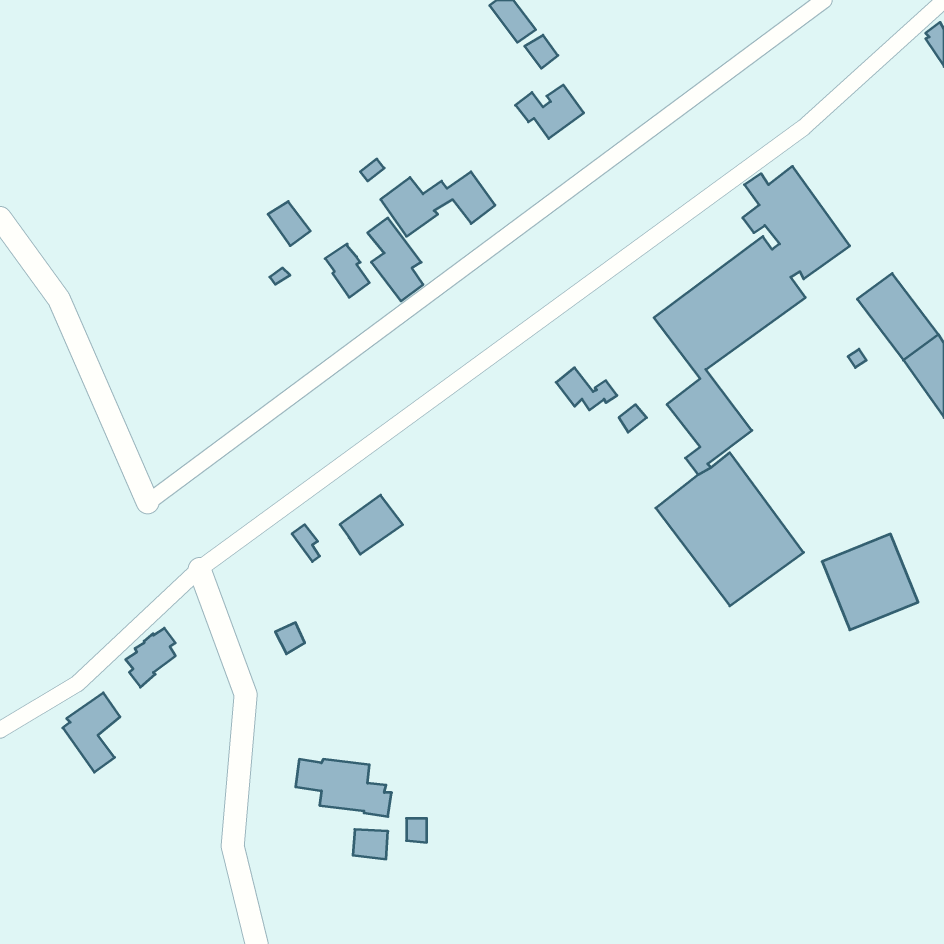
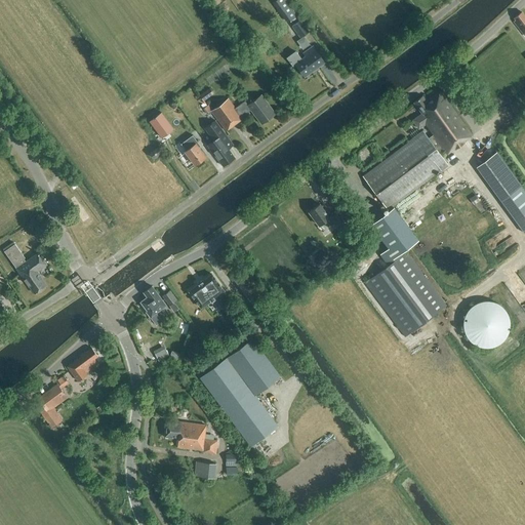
building: none -> [4,244,46,294]
building: none -> [140,287,165,325]
building: none -> [200,340,279,445]

